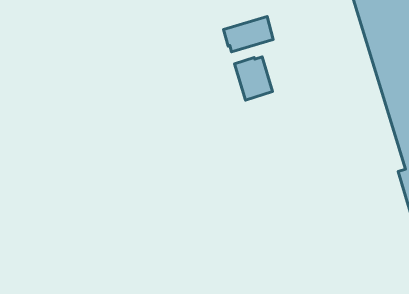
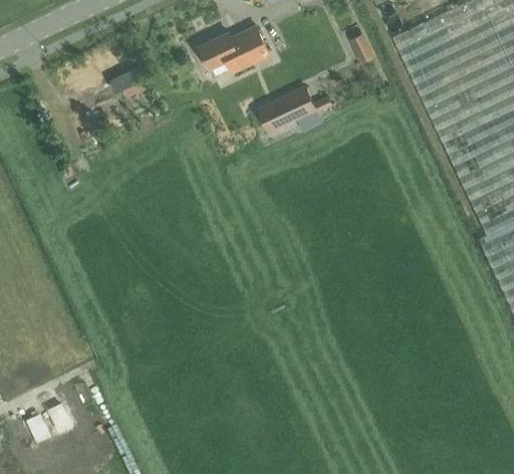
building: [235,57,273,100] -> none

